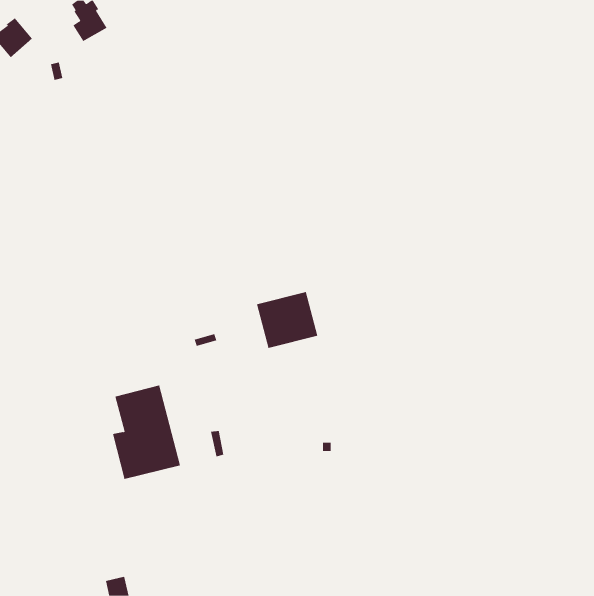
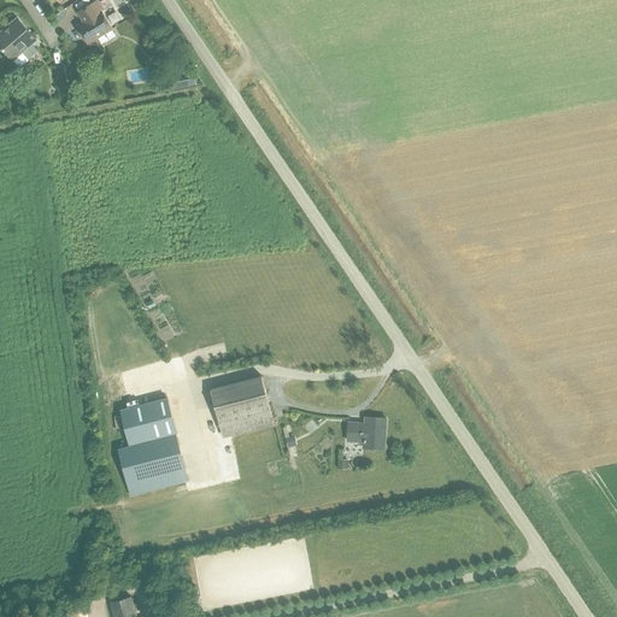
building: [256,291,318,349] -> [208,376,272,435]
building: none -> [346,417,384,448]

